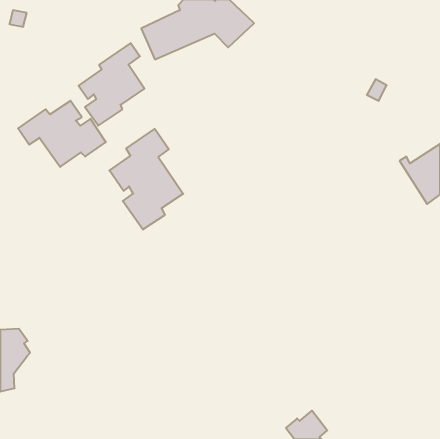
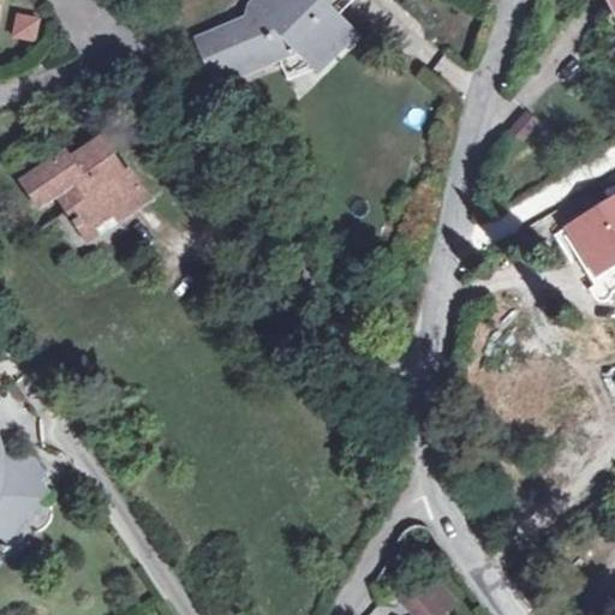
building: [79,43,144,126] -> none
building: [109,129,183,230] -> none

